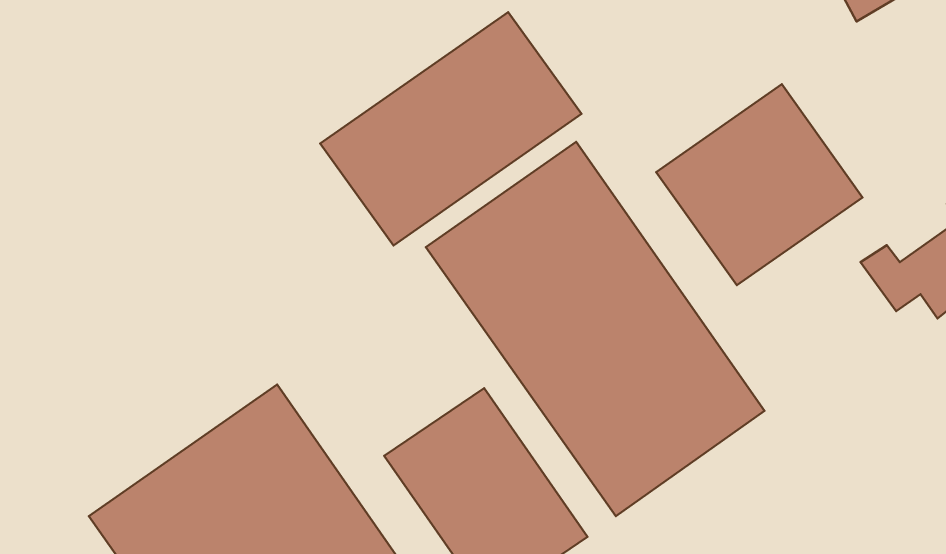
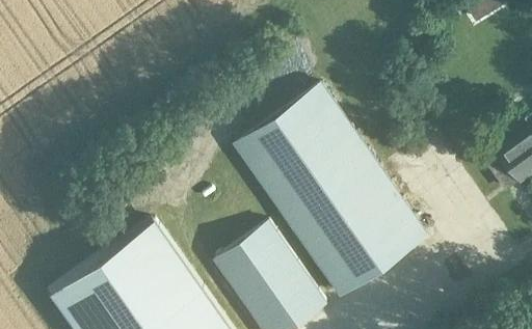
building: [320,12,582,245] -> none
building: [656,84,863,285] -> none

